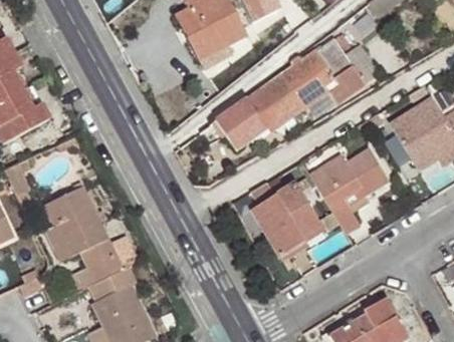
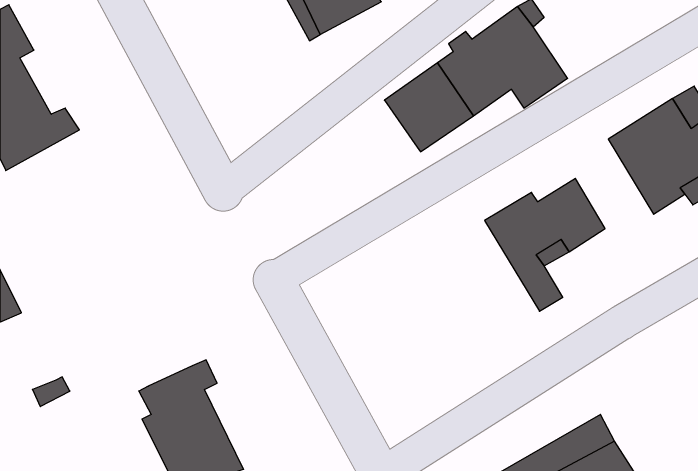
building: [215,97,268,149] -> none
building: [252,183,324,257] -> none
building: [45,185,124,281] -> none

